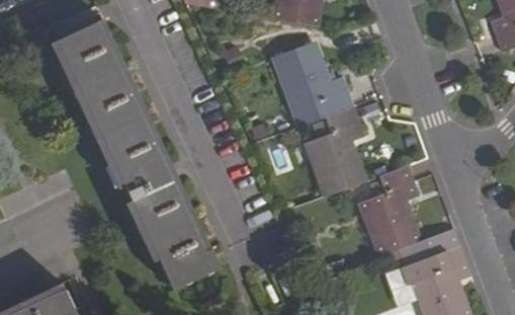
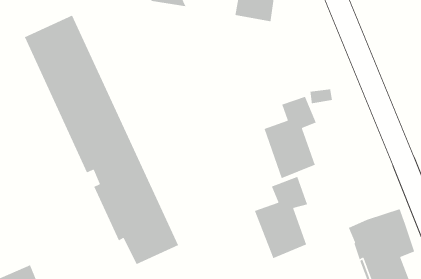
building: [275,43,353,126] -> none
building: [361,165,420,255] -> [254,176,308,259]

